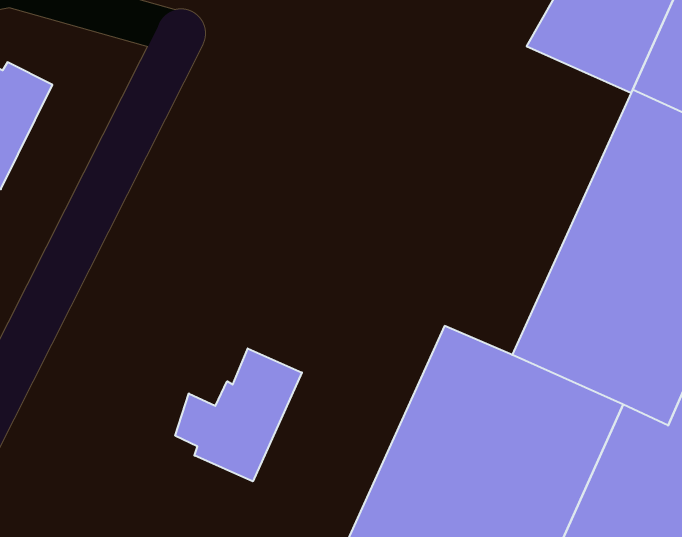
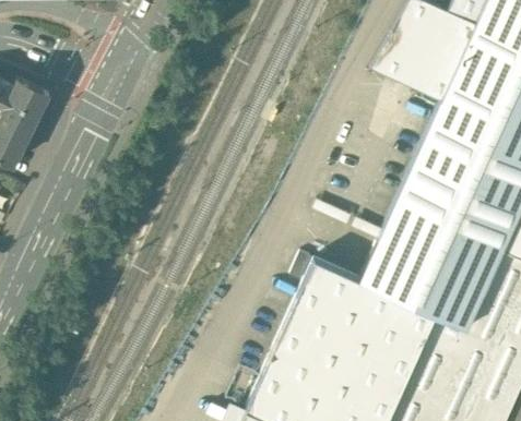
building: [175,348,302,481] -> none

